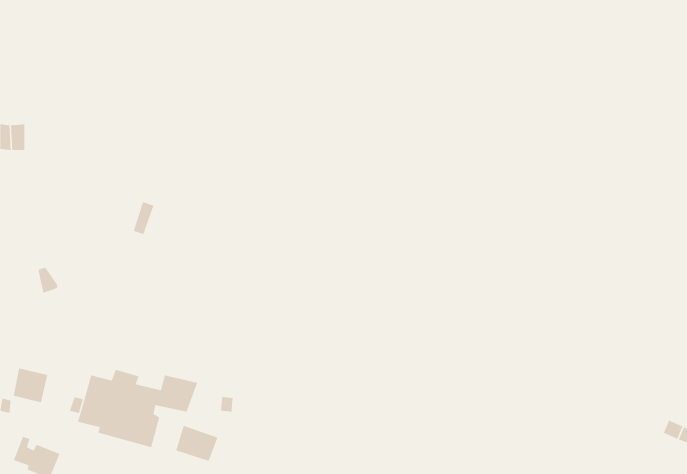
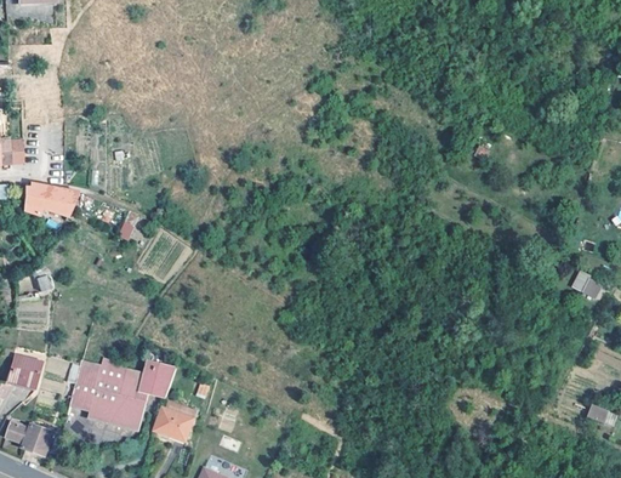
building: none -> [23,182,78,216]
building: none -> [570,269,604,298]

